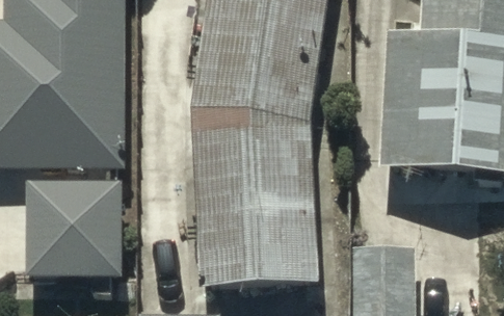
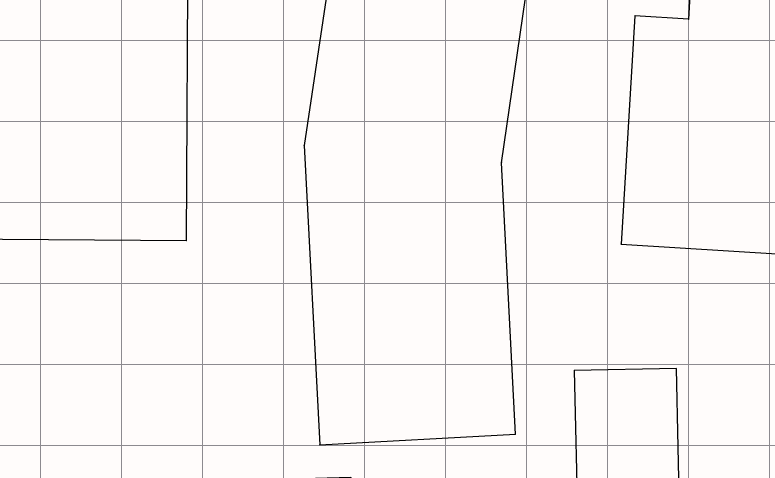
building: [27,178,122,282] -> none

